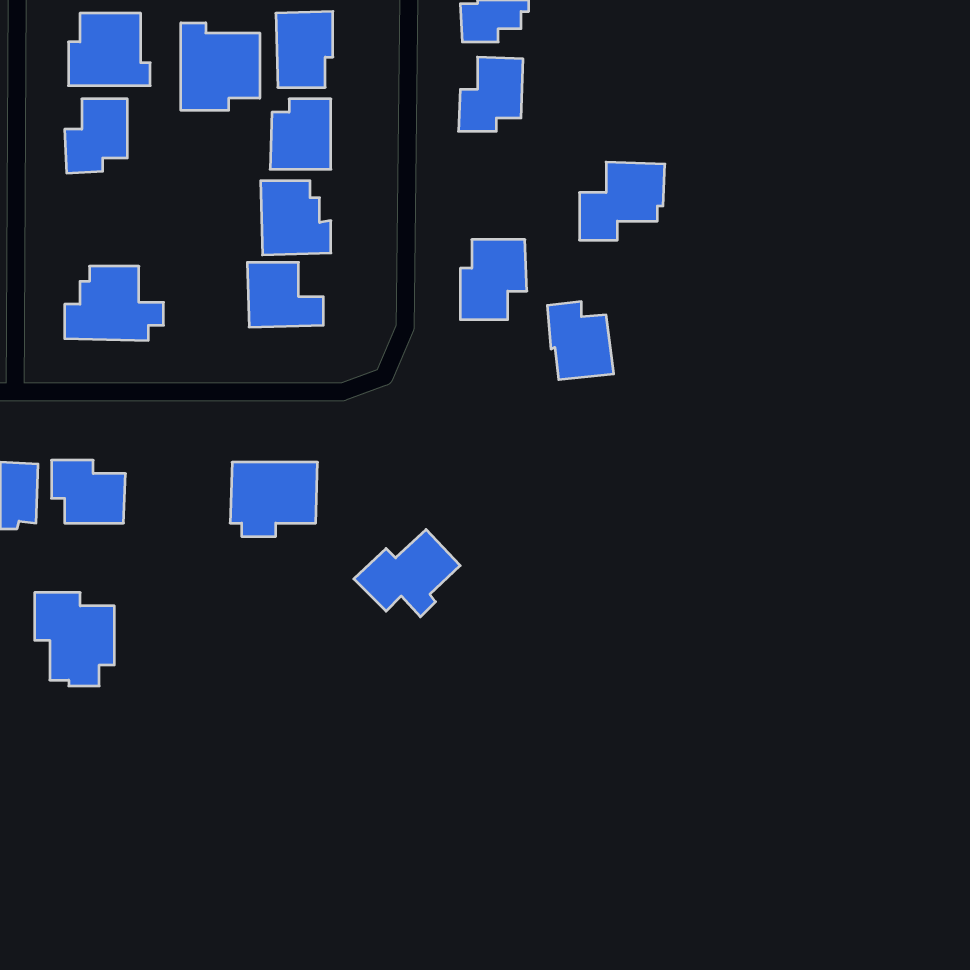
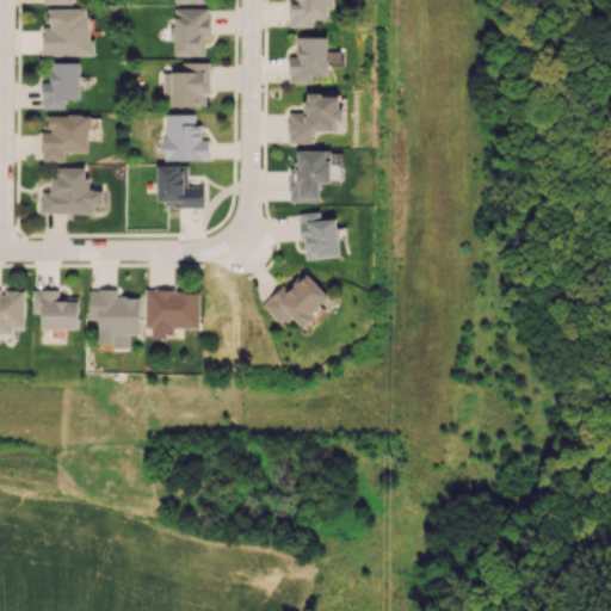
building: [181,23,260,110] -> none
building: [579,162,665,240] -> [289,94,342,143]
building: none -> [43,115,91,162]
building: [547,302,614,380] -> [300,211,341,260]
building: [354,529,460,617] -> [263,274,329,329]
building: [35,593,114,686] -> [90,290,140,348]

